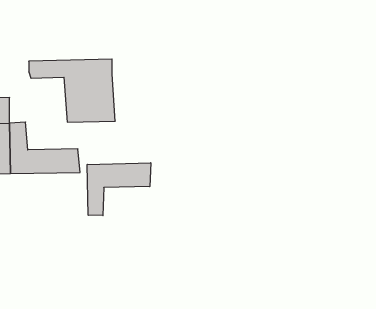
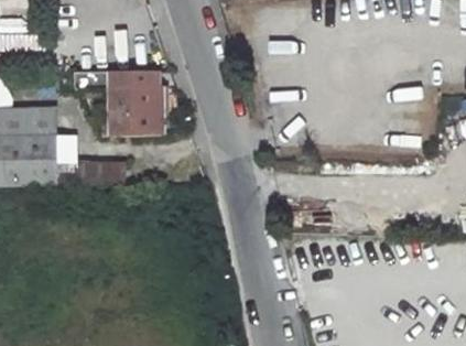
building: [87,163,151,216] -> none

